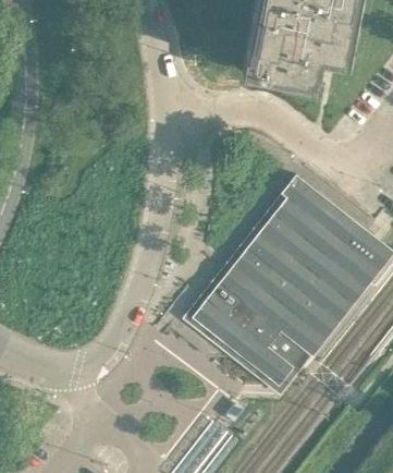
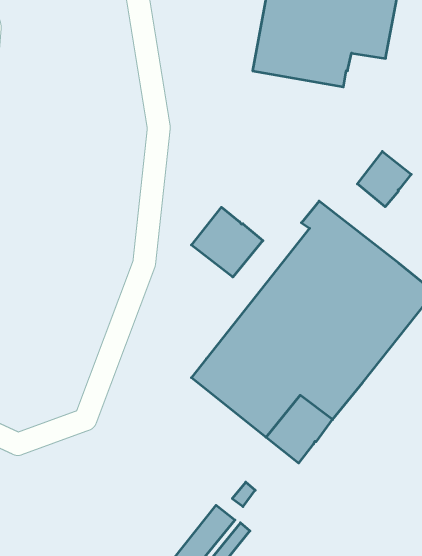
building: none -> [357,151,411,207]
building: none -> [191,207,263,277]

